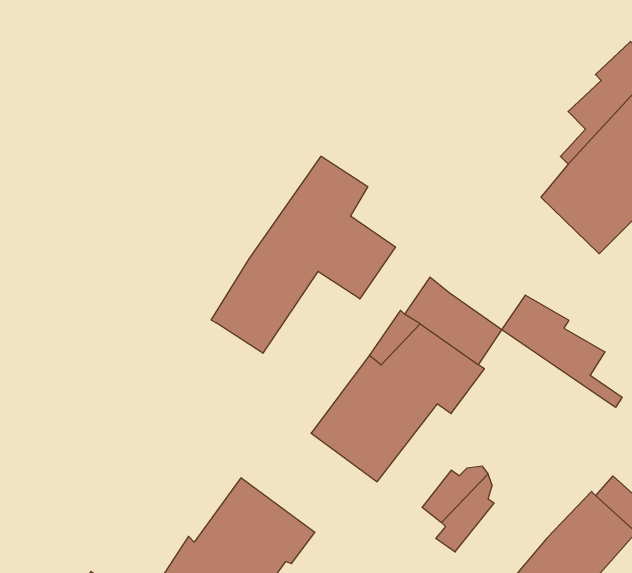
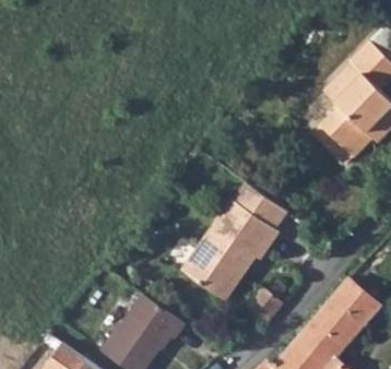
building: [211,156,395,353] -> none
building: [502,295,622,407] -> none

